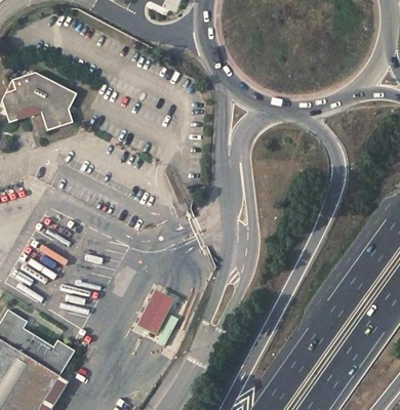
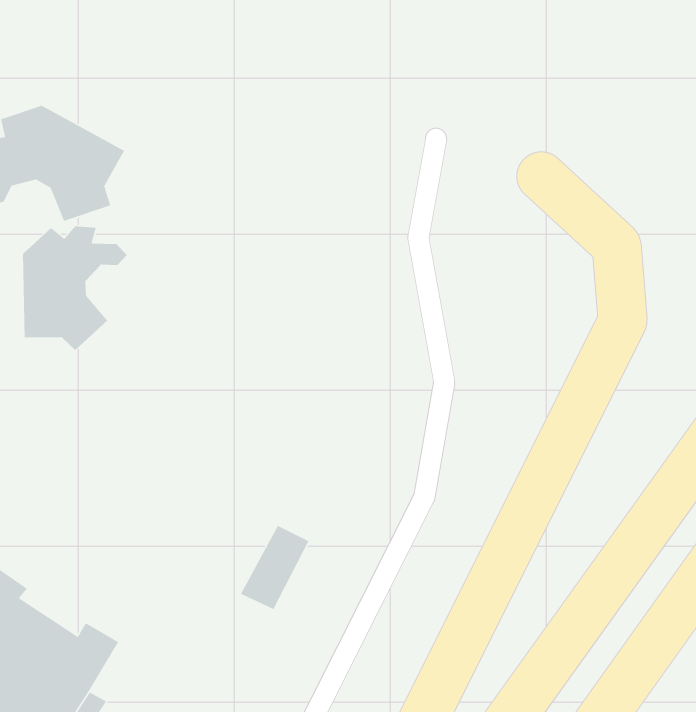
building: none -> [22,226,127,351]

